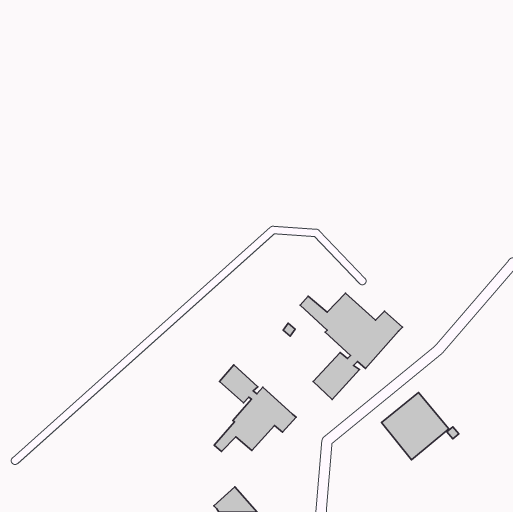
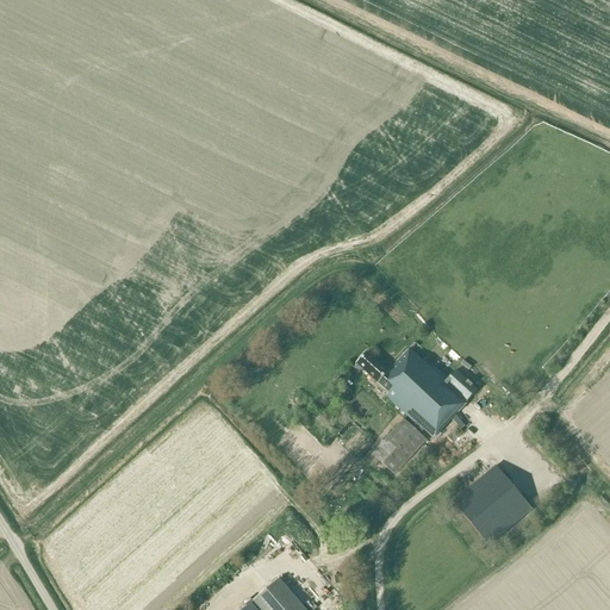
building: [214,365,296,452] -> none

